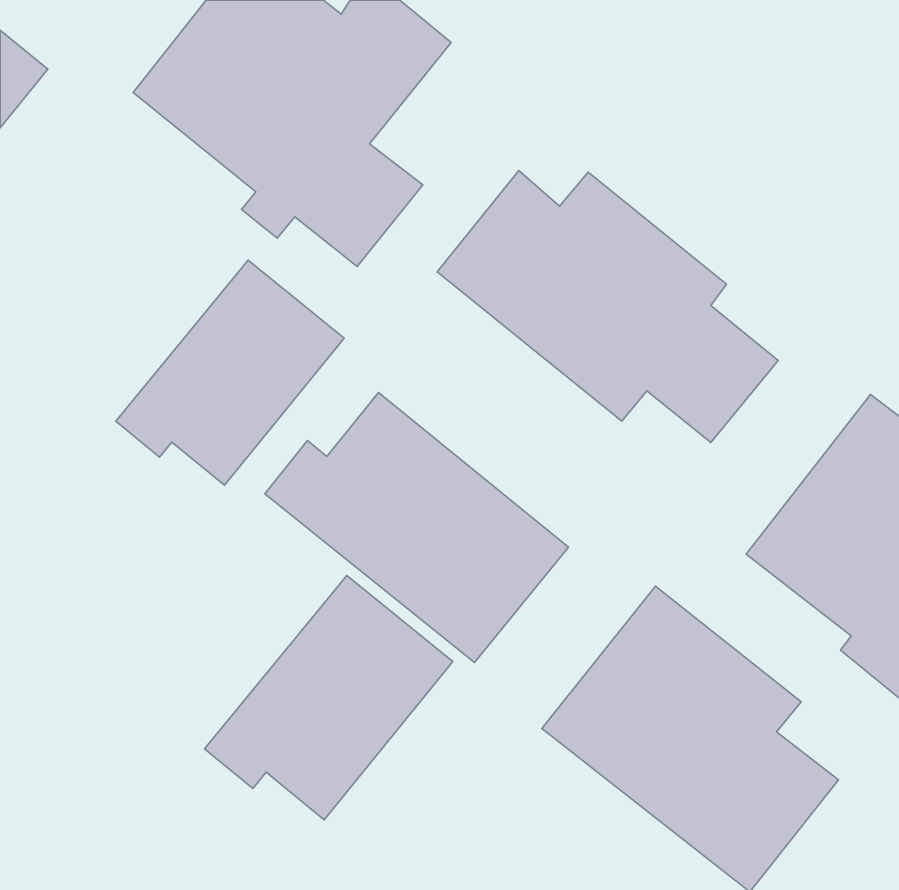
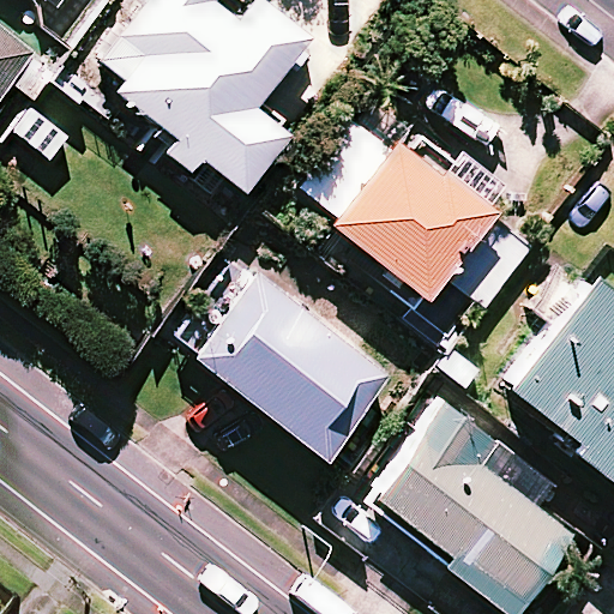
building: [116,260,344,485] -> none
building: [205,576,453,820] -> none

